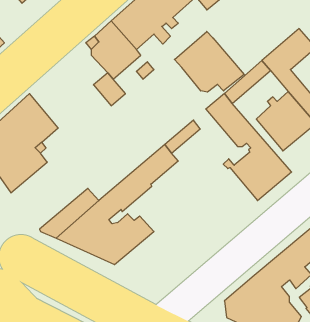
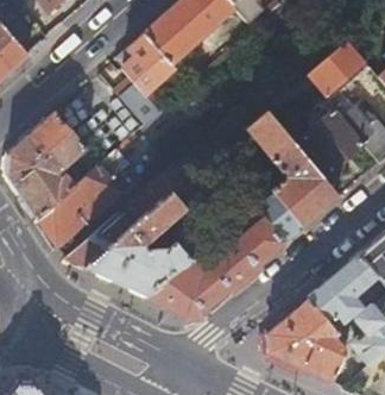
building: [174,31,244,92] -> none
building: none -> [36,137,134,249]
building: none -> [147,190,302,313]

